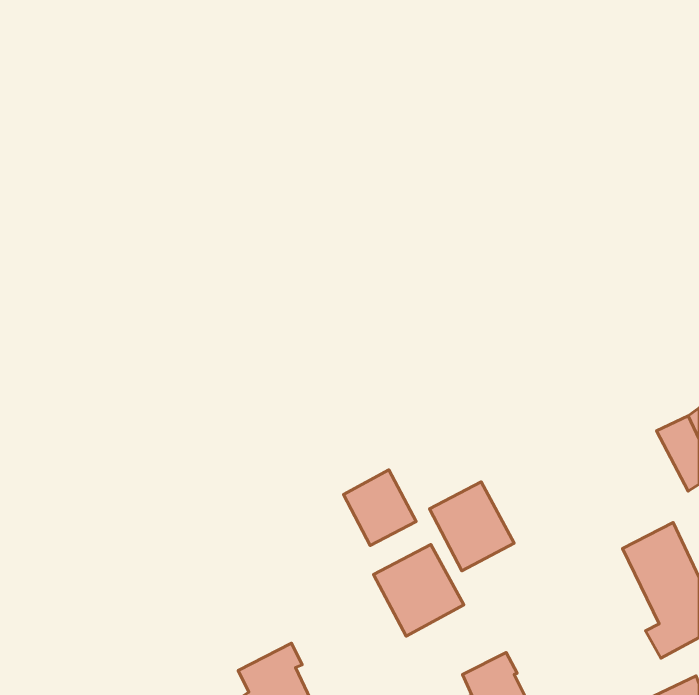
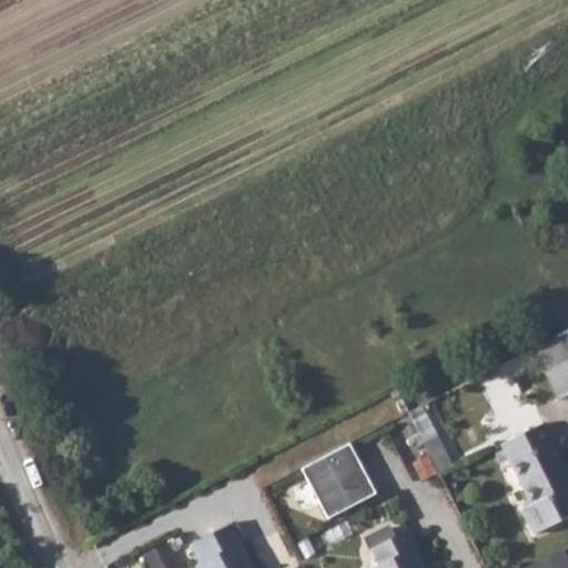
building: [343,470,416,545] -> none
building: [429,482,514,571] -> none

